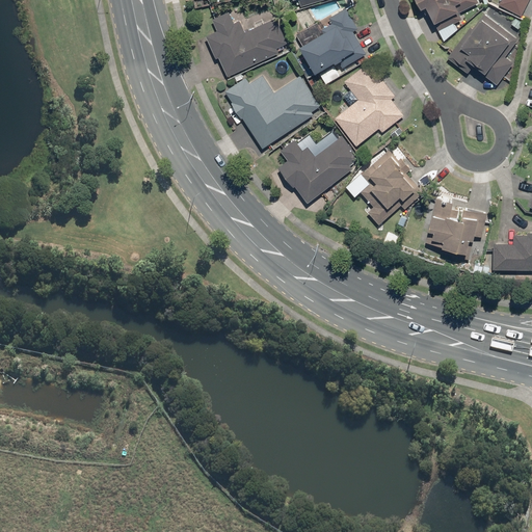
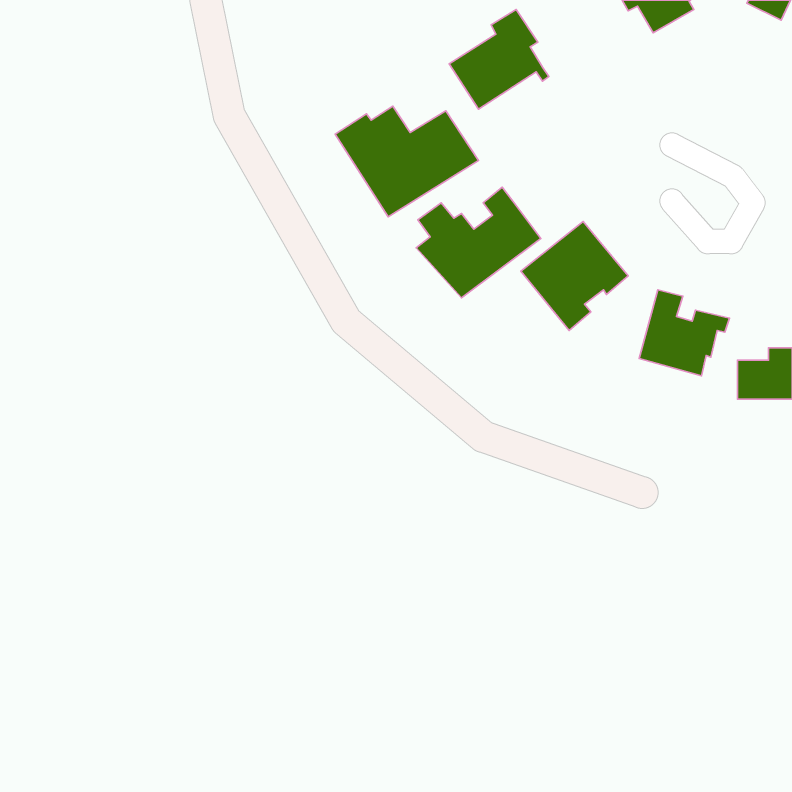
building: [444,8,522,88] -> none
building: [205,12,287,77] -> none
building: [335,62,402,145] -> none

